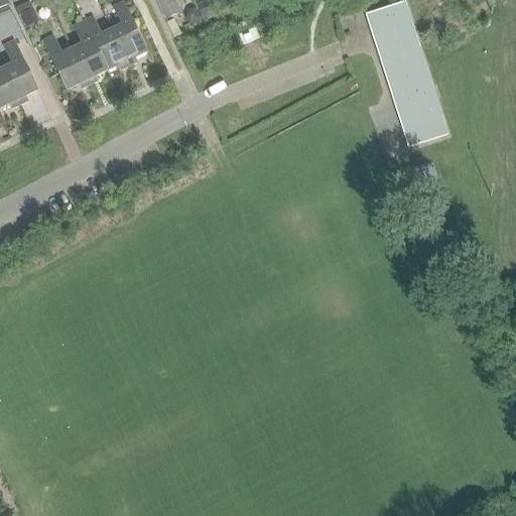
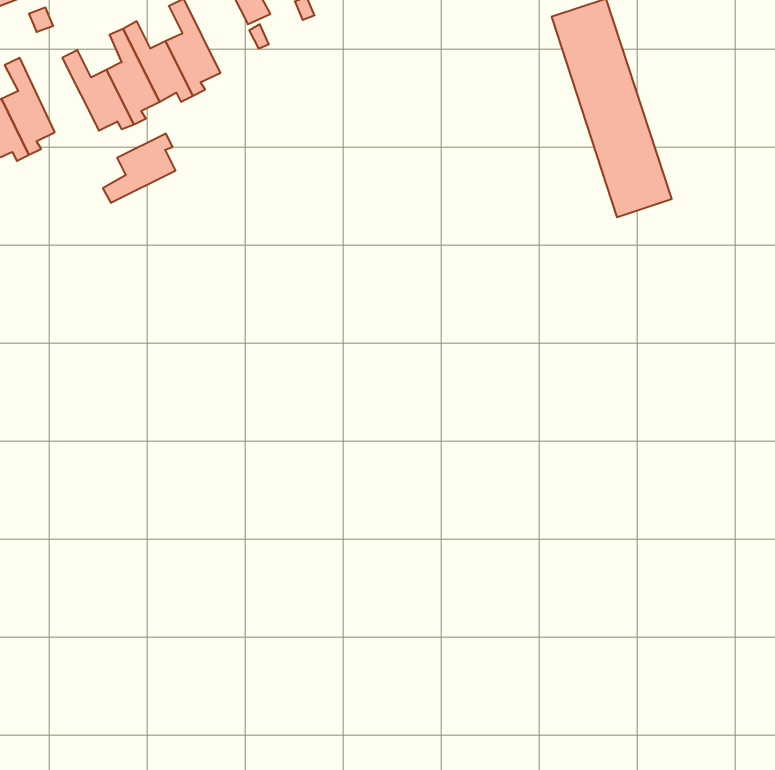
building: none -> [103,133,175,203]

